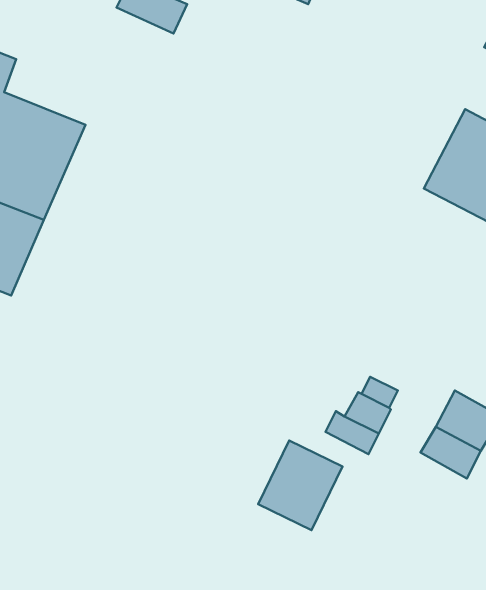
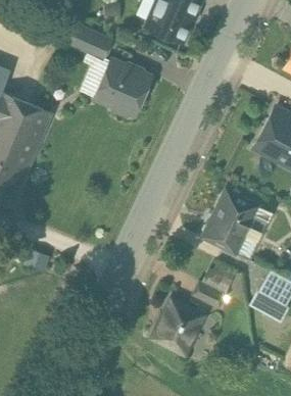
building: none -> [95,60,151,116]
building: none -> [202,189,259,253]

